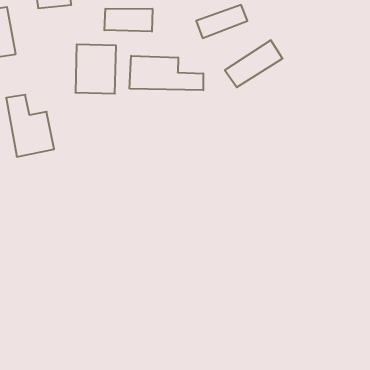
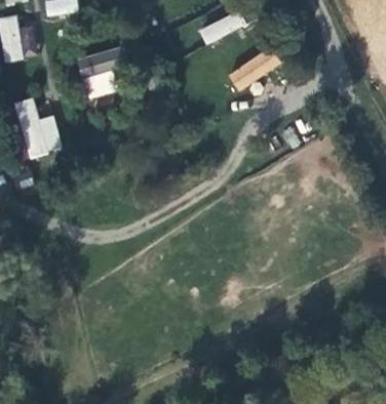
building: [104,9,152,32] -> none
building: [130,56,203,90] -> none

